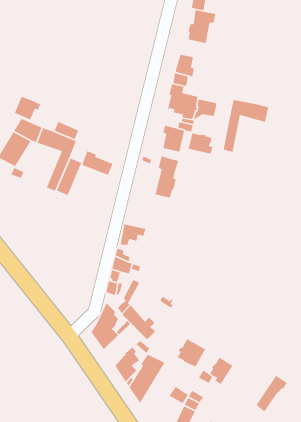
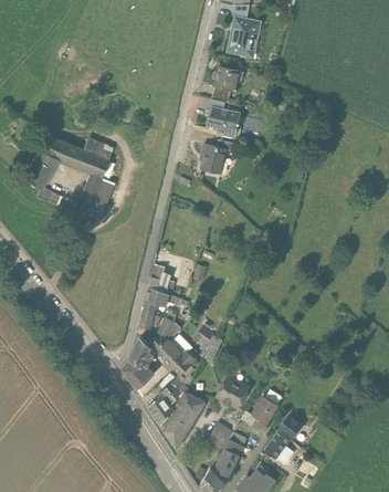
building: [14,96,41,120] -> none
building: [222,98,269,153] -> none
building: [188,132,214,155] -> none
building: [81,150,113,176] -> none
building: [155,155,179,199] -> none
building: [255,375,288,412] -> [265,417,301,458]

